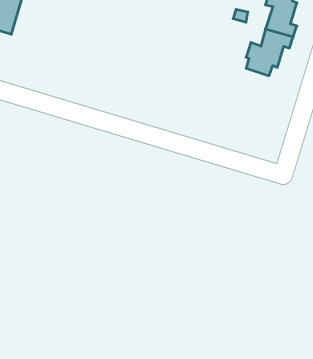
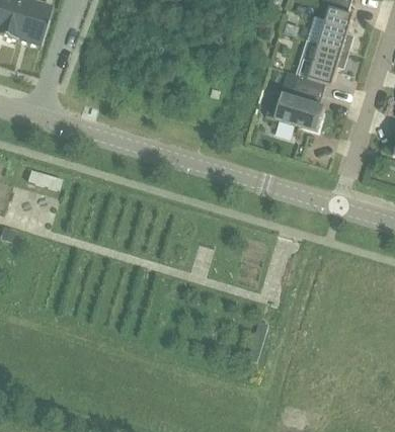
building: none -> [264,82,323,127]

